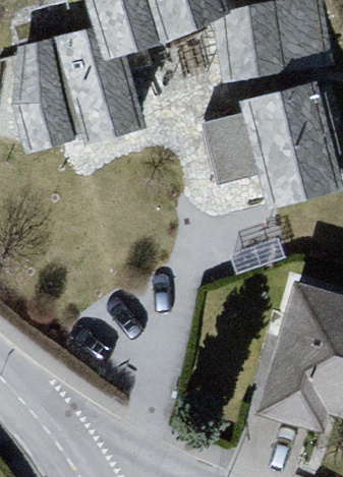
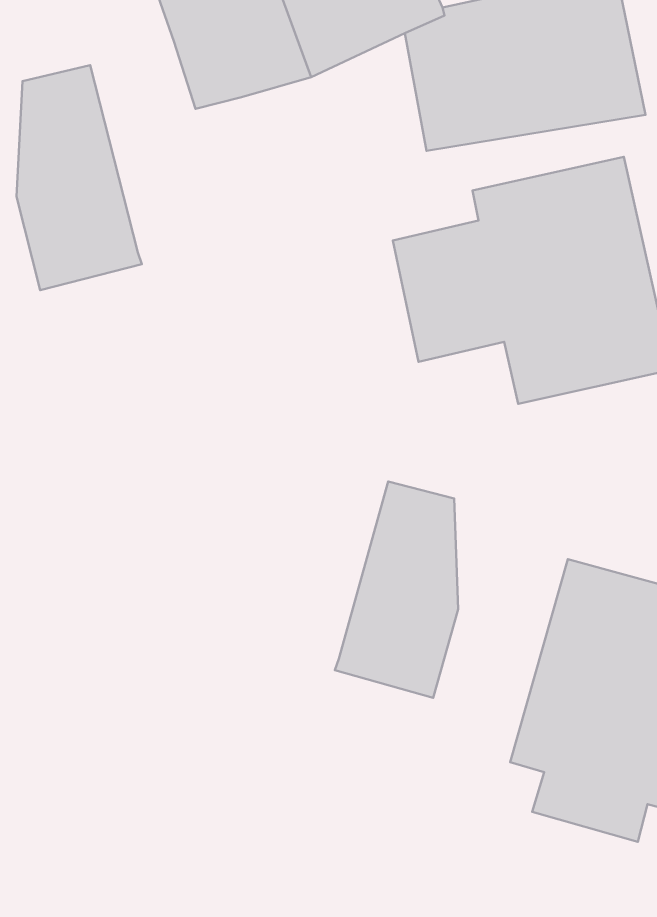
building: [49,24,145,142] -> none
building: none -> [335,482,458,698]

